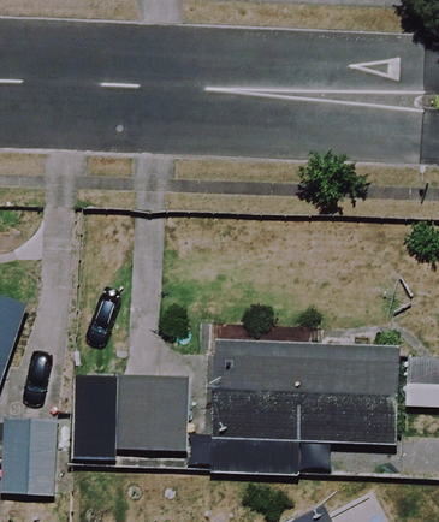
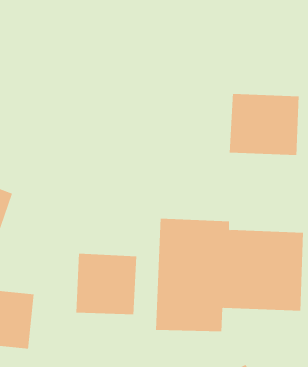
building: none -> [229,93,299,156]

